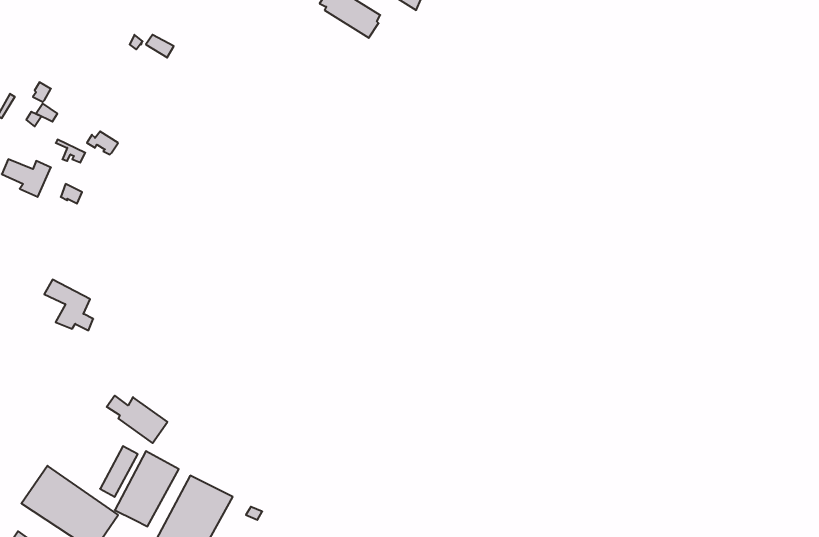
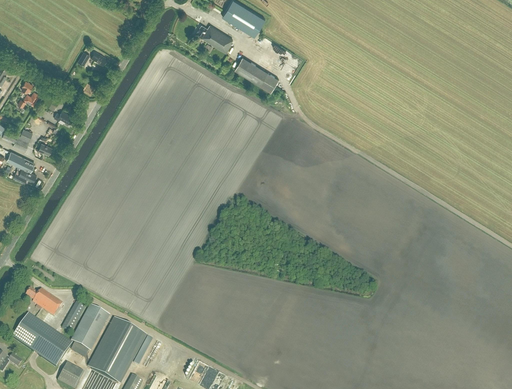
building: none -> [235,56,279,91]
building: [44,280,93,330] -> [6,151,36,182]
building: [107,396,167,443] -> [25,287,62,316]

